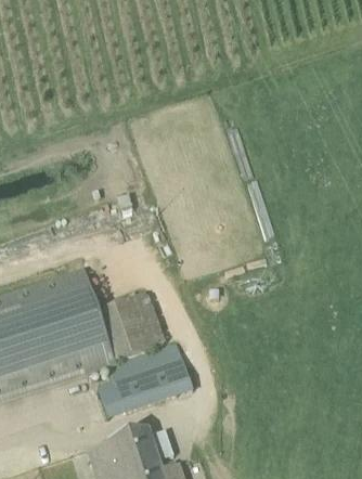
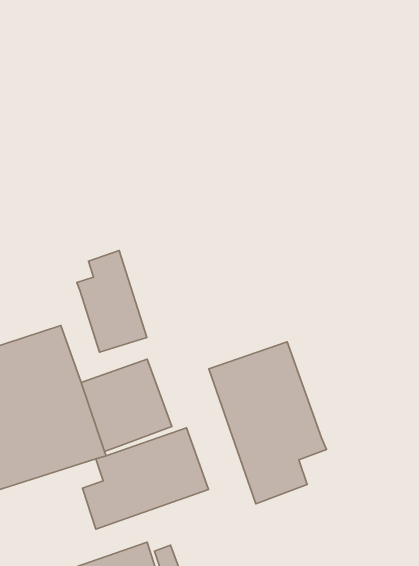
building: none -> [77,251,147,352]
building: none -> [209,342,326,504]

